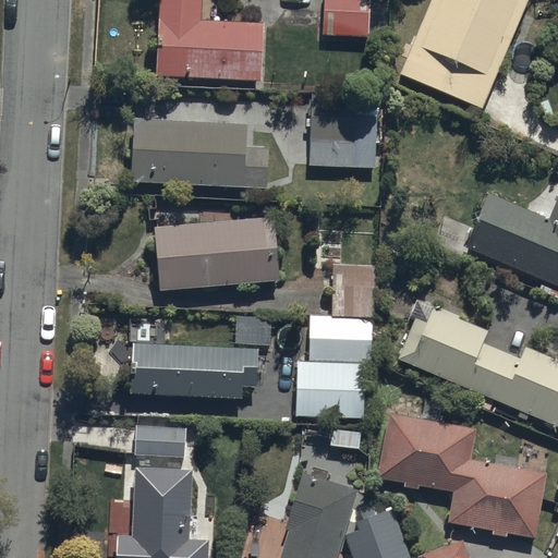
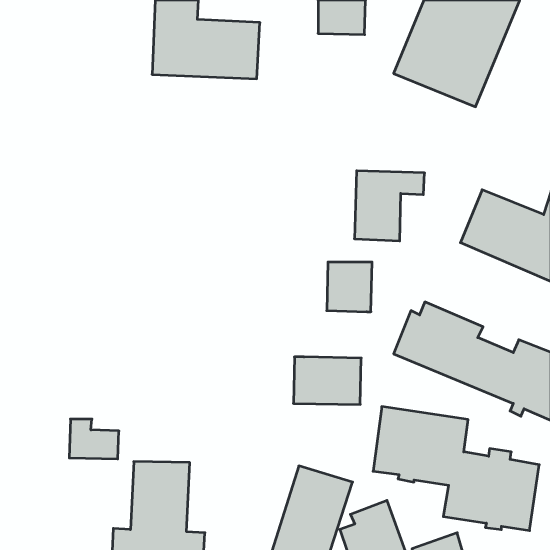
building: [310,97,380,168] -> [354,171,425,241]
building: [132,118,271,190] -> none
building: [154,215,281,291] -> none
building: [129,317,274,398] -> none
building: [308,318,372,363] -> none
building: [135,415,185,456] -> [69,419,119,459]

